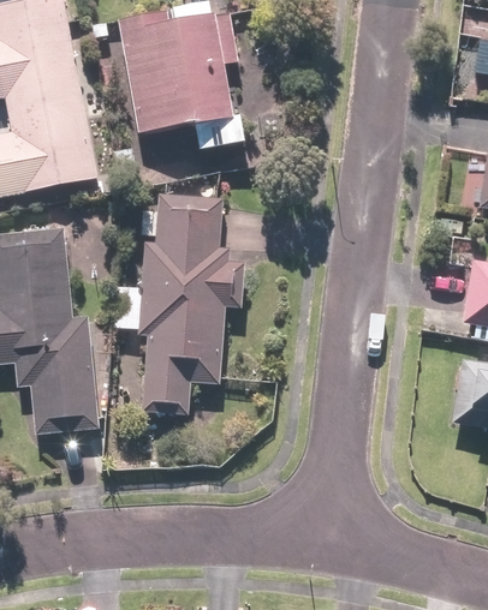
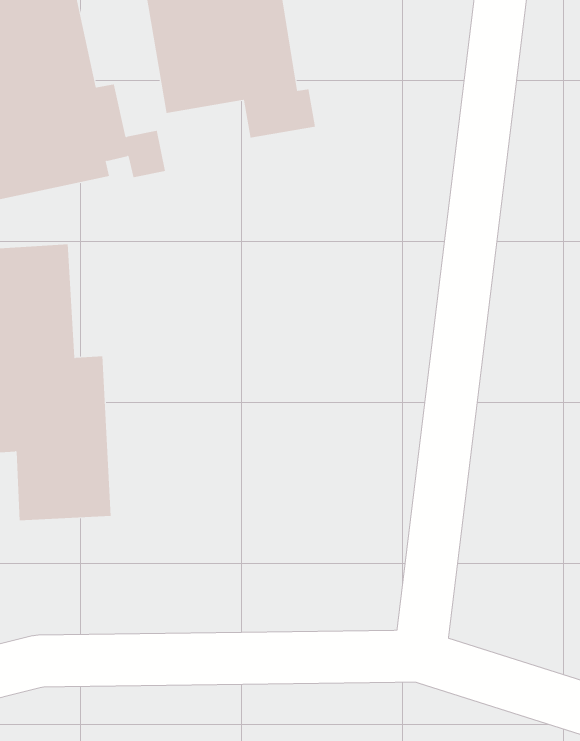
building: [113,190,245,411] -> none

